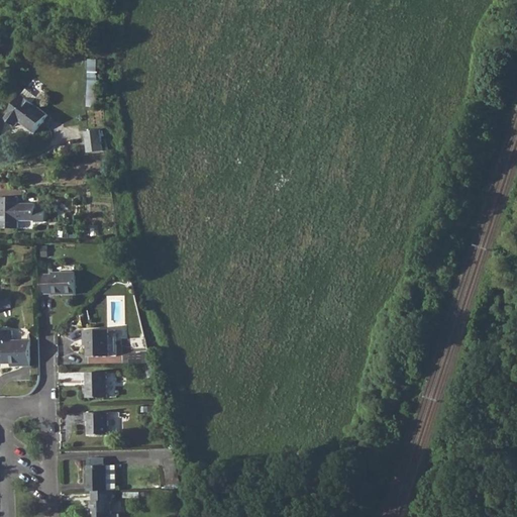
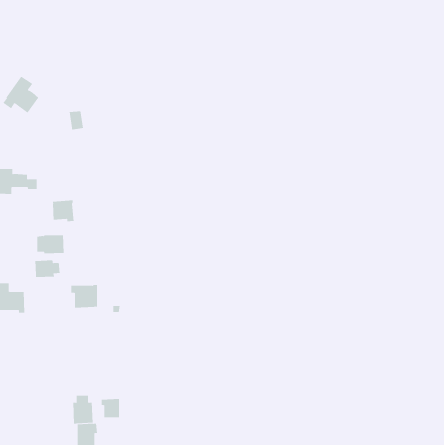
building: none -> [52,200,74,222]
building: none -> [35,260,60,278]
building: [85,372,113,398] -> none
building: [83,413,105,435] -> [101,399,120,418]

